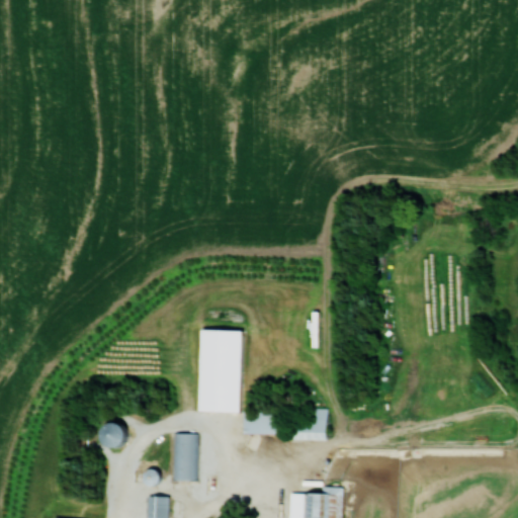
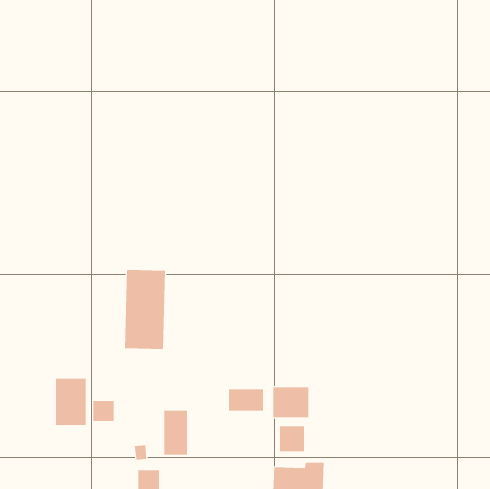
building: [197,330,241,414] -> [124,270,166,350]
building: none -> [55,378,86,426]
building: none -> [279,426,305,452]

